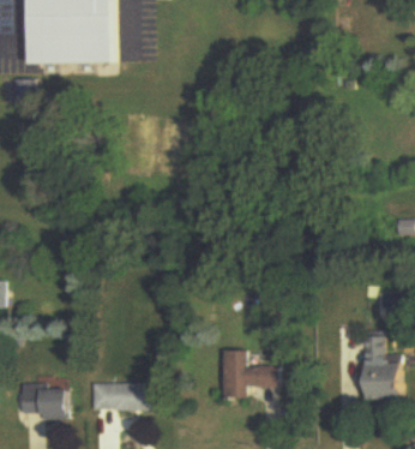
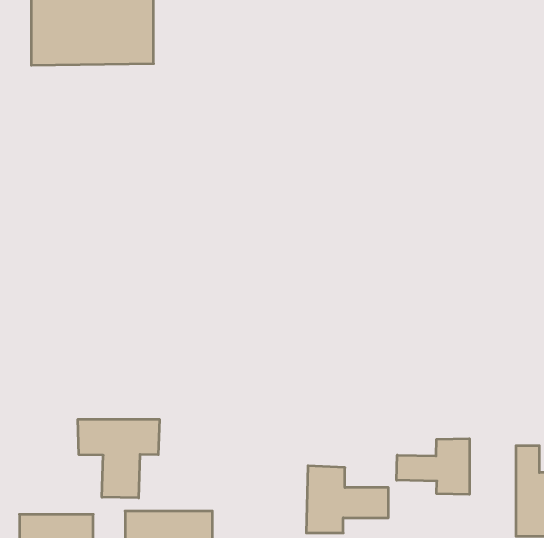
building: none -> [78,419,159,498]
building: none -> [397,439,469,494]

